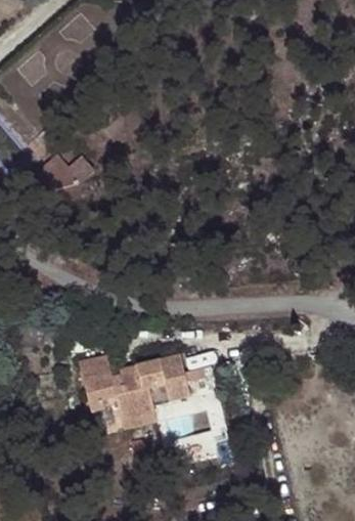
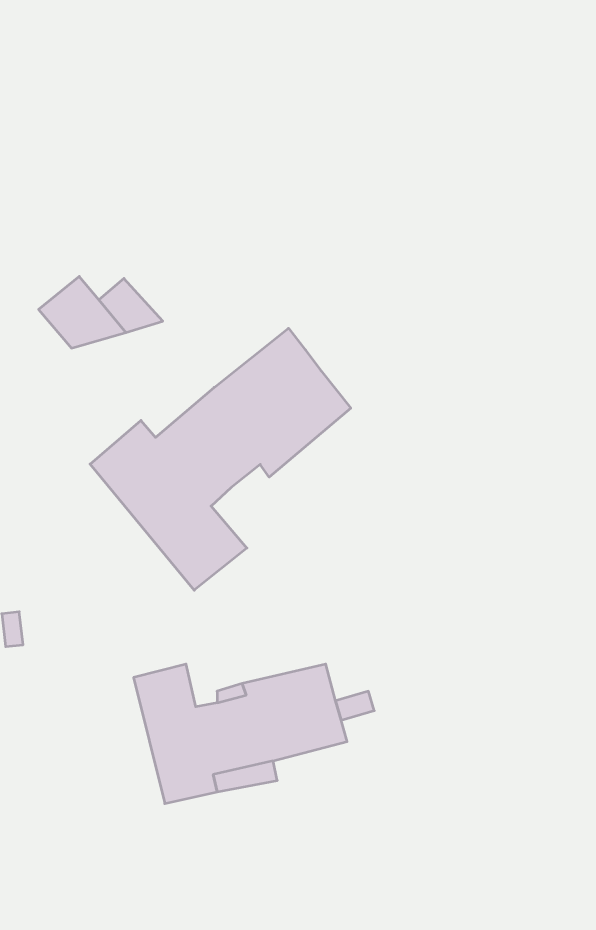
building: none -> [90,328,351,590]

